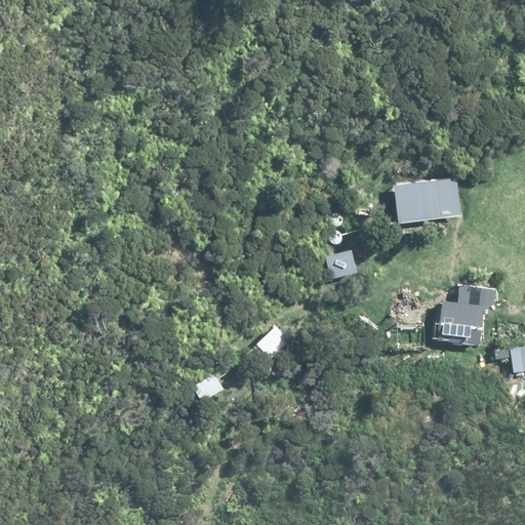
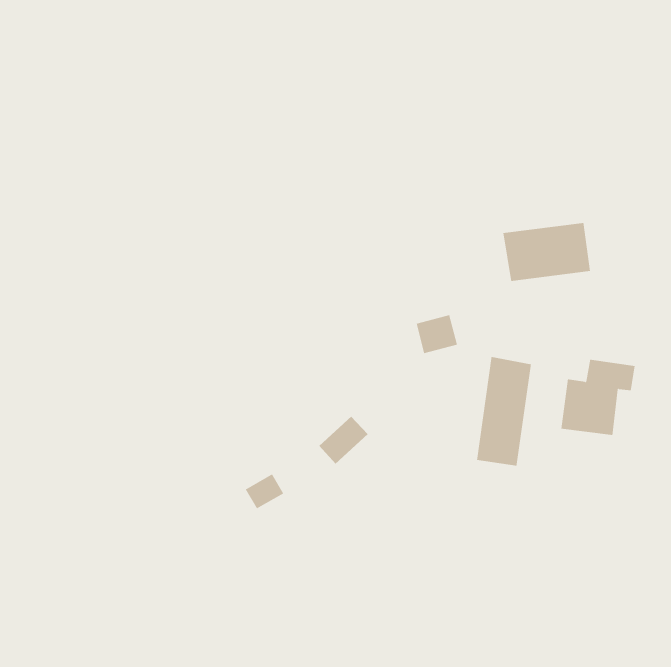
building: none -> [476,356,531,466]

